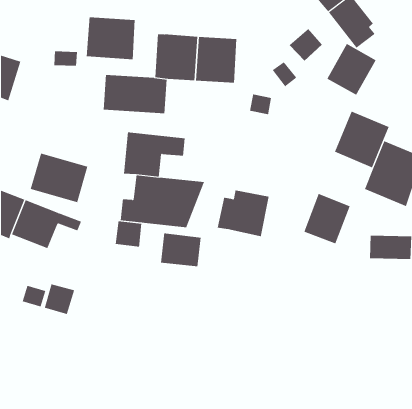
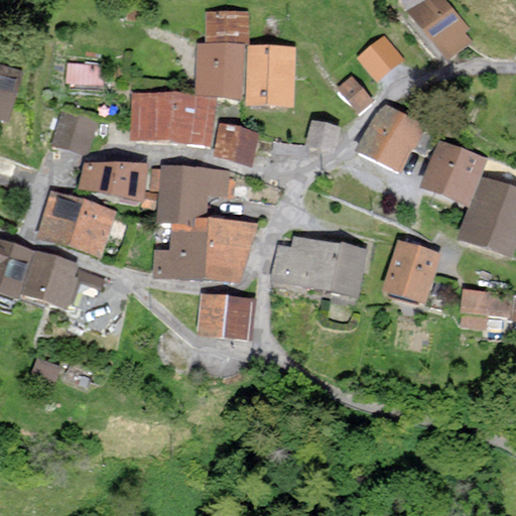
building: none -> [207,10,251,45]
building: [86,17,135,60] -> none
building: [326,43,377,96] -> [364,101,426,166]
building: none -> [53,111,97,150]
building: none -> [213,121,257,161]
building: none -> [82,164,144,190]
building: none -> [328,245,367,300]
building: [115,220,142,248] -> none
building: [44,283,75,315] -> none

